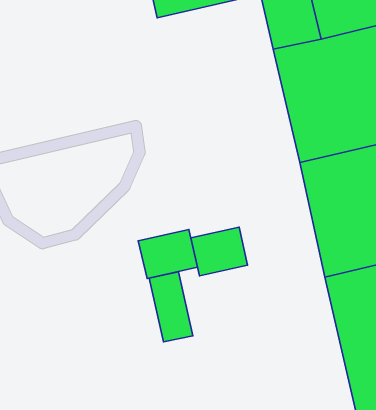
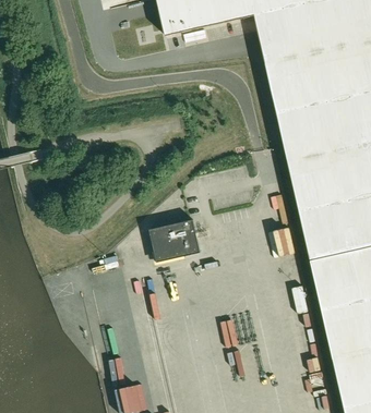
building: [191,227,248,276] -> none
building: [149,272,193,342] -> none

